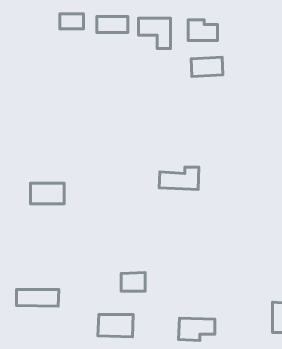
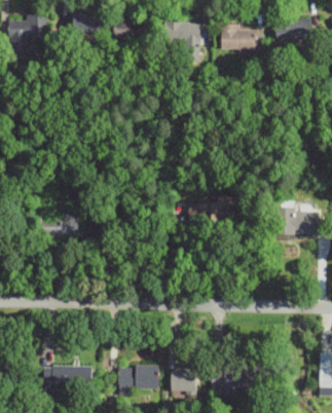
building: none -> [10,16,50,51]
building: [191,57,223,77] -> [276,21,313,43]
building: none -> [275,202,318,235]
building: [121,272,145,291] -> [169,372,196,393]
building: [16,289,59,306] -> [42,367,91,386]

